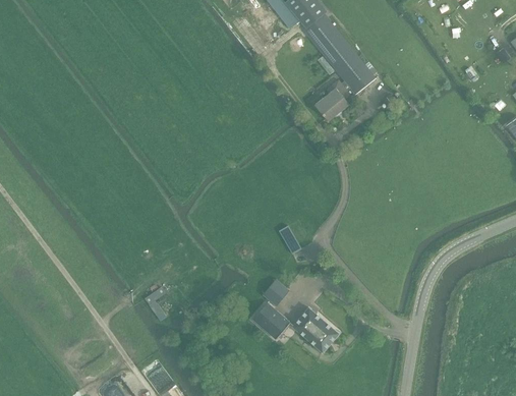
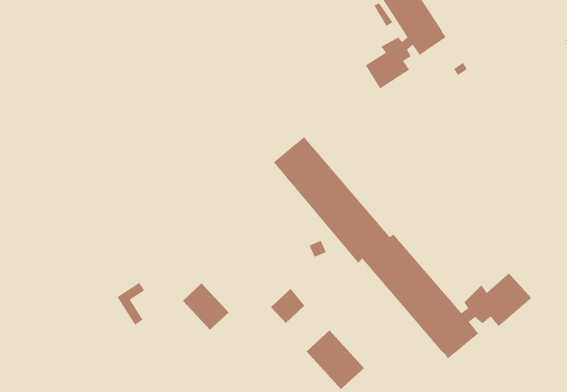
building: none -> [273,136,532,359]
building: [252,303,289,339] -> [182,283,229,331]

